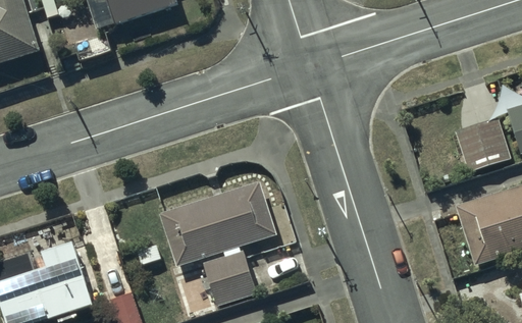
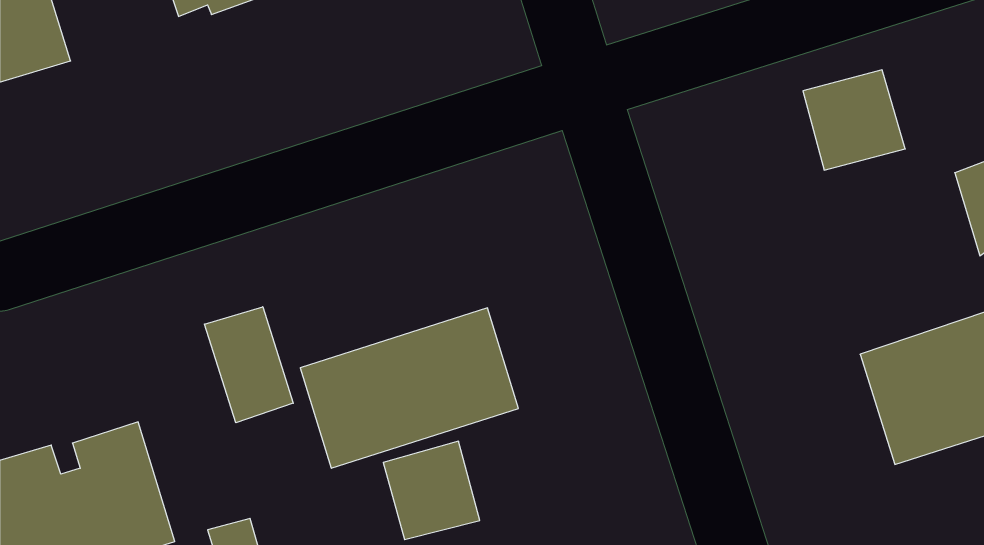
building: [457,117,511,170] -> [803,70,905,170]
building: none -> [204,307,293,423]

